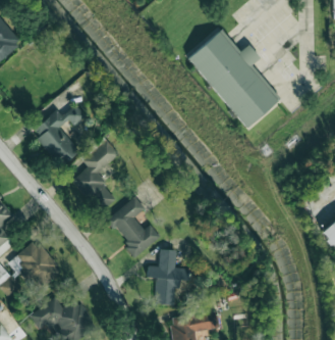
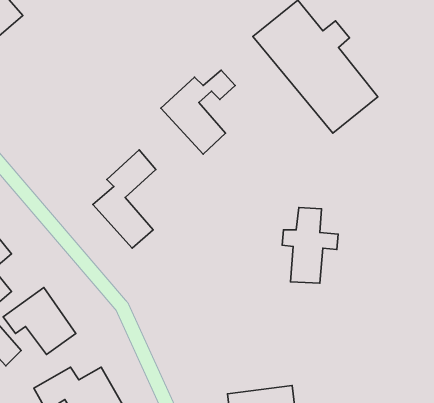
building: [33,104,87,165] -> [161,70,235,154]
building: [108,196,161,256] -> none
building: [149,249,189,304] -> [282,207,338,283]

